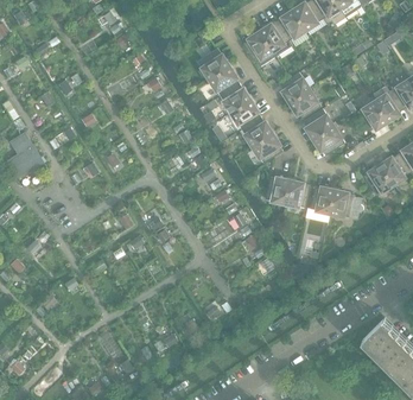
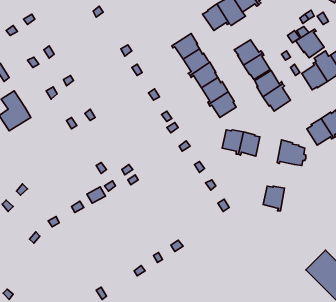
building: [196,49,228,80] -> none
building: none -> [296,29,324,58]
building: [307,186,332,215] -> [263,186,285,211]

